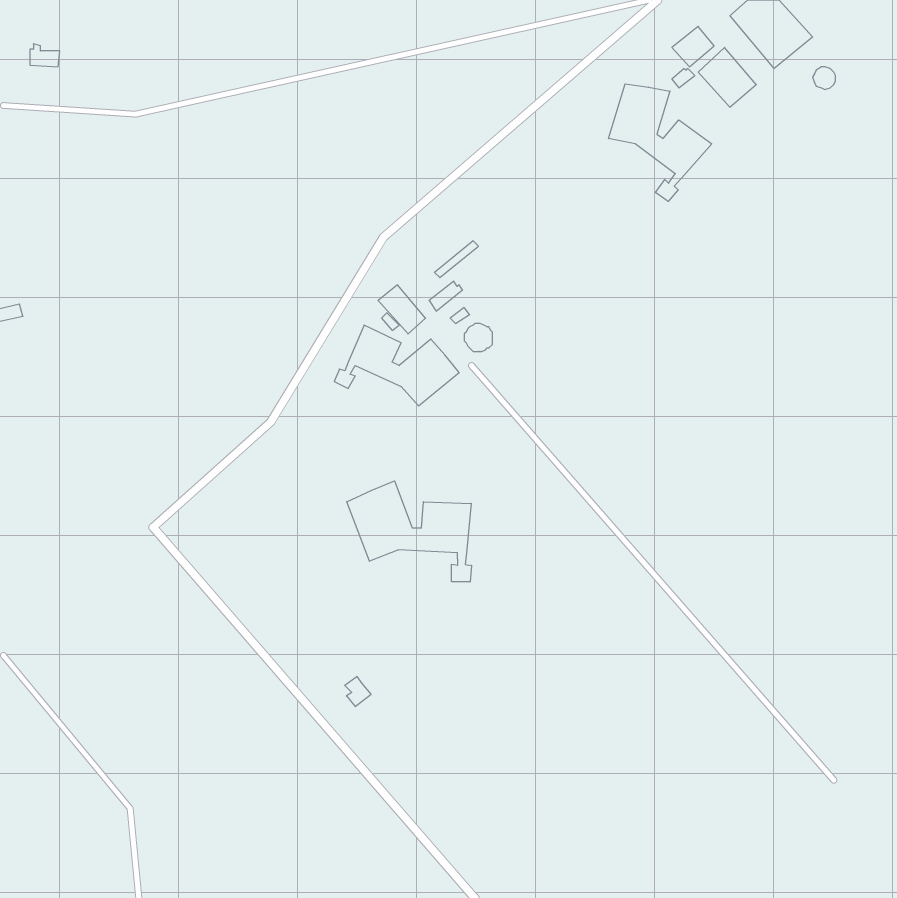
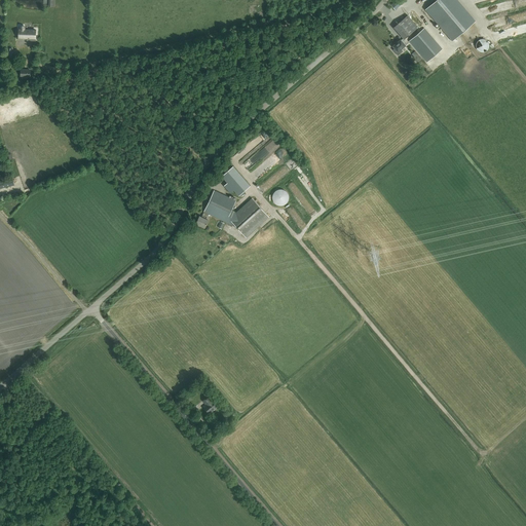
building: [609,84,712,201] -> none
building: [347,481,472,582] -> none

